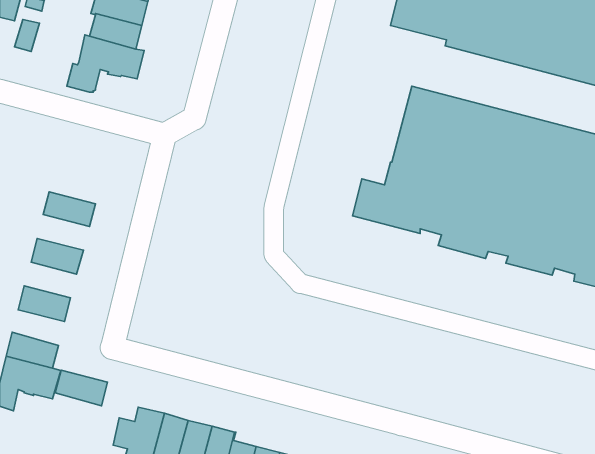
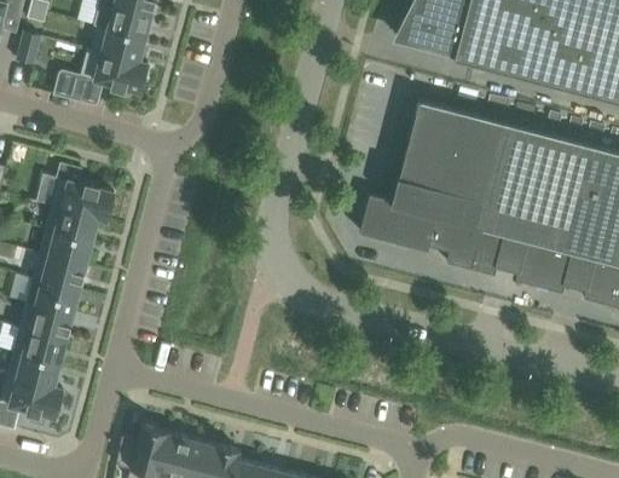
building: none -> [51,163,114,221]
building: none -> [39,231,92,267]
building: none -> [25,280,79,316]
building: [55,370,107,406] -> [13,328,66,364]

